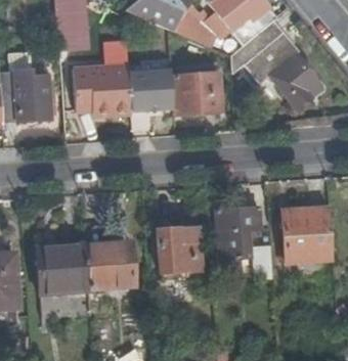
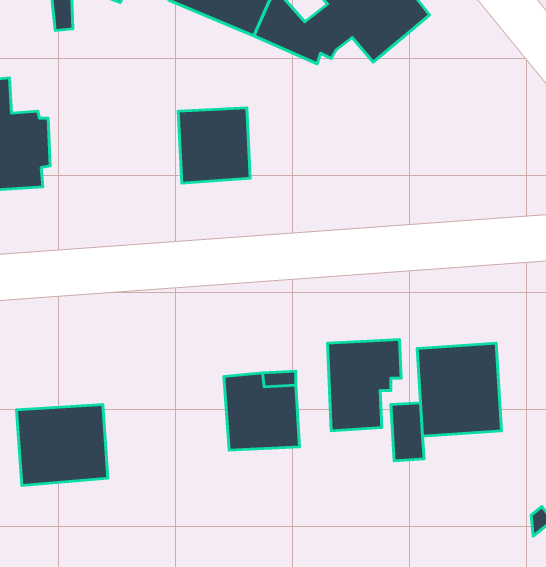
building: [232,20,324,109] -> none
building: [75,64,133,118] -> none
building: [177,74,222,111] -> none
building: [87,241,134,288] -> none

